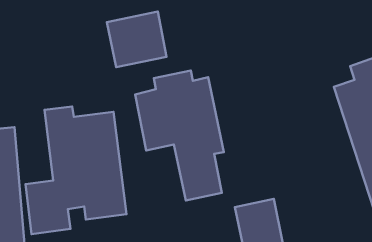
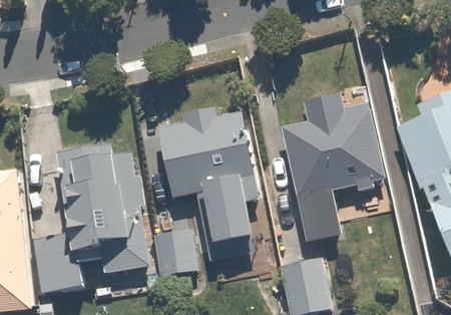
building: [107,12,166,67] -> none
building: none -> [284,96,387,246]
building: none -> [151,227,198,279]

